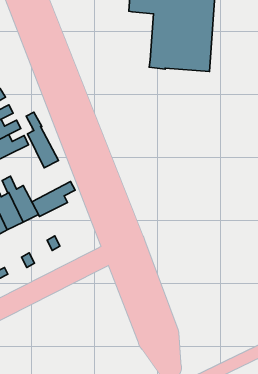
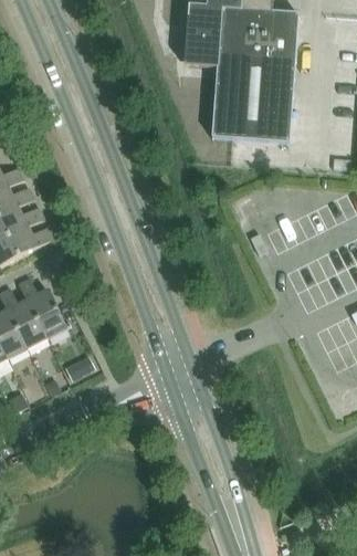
building: [26,112,58,168] -> none
building: [32,181,75,217] -> none

